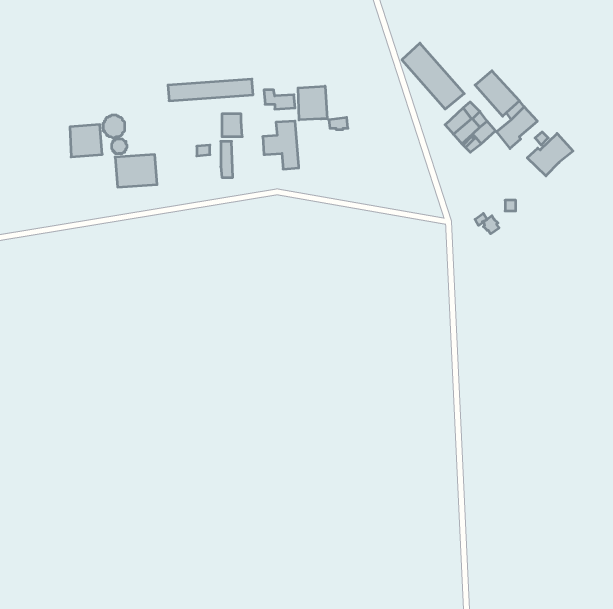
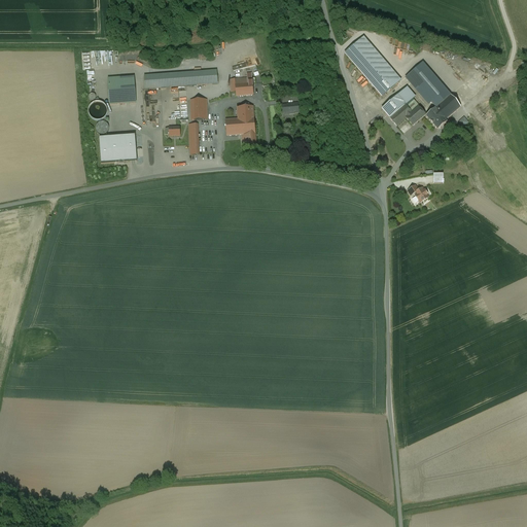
building: [298,86,327,120] -> none
building: [70,125,102,157] -> [108,74,136,102]
building: [527,133,573,176] -> none

